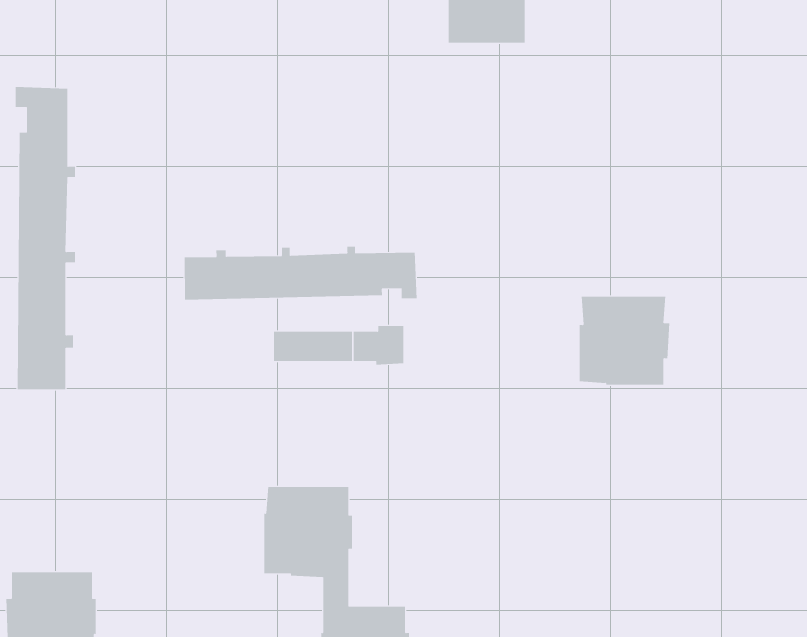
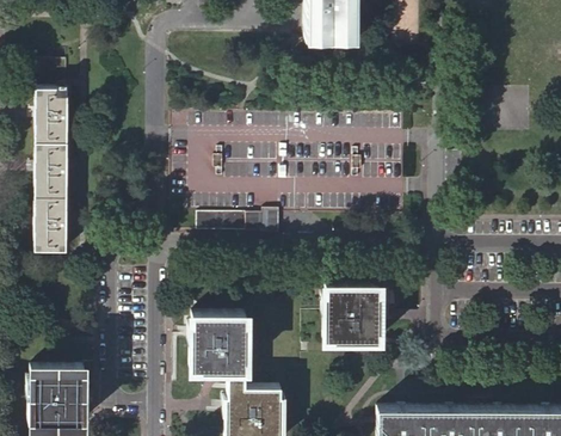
building: [184,246,417,301] -> none
building: [579,296,670,385] -> [323,288,381,344]

